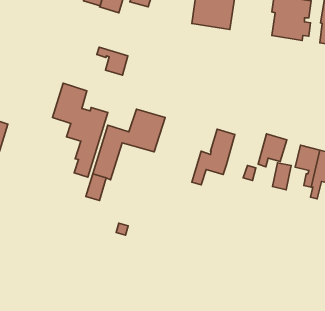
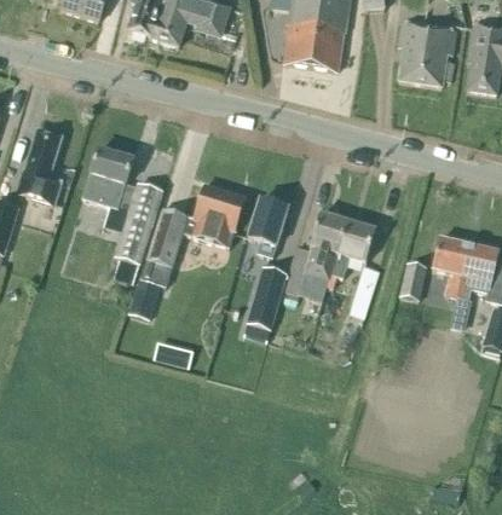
building: [97,47,128,75] -> none
building: none -> [17,128,63,204]
building: none -> [247,197,287,255]
building: [258,134,287,167] -> [333,220,374,267]
building: none -> [243,267,287,341]

